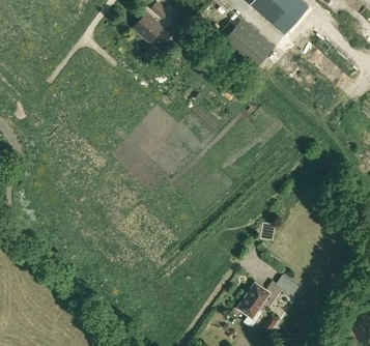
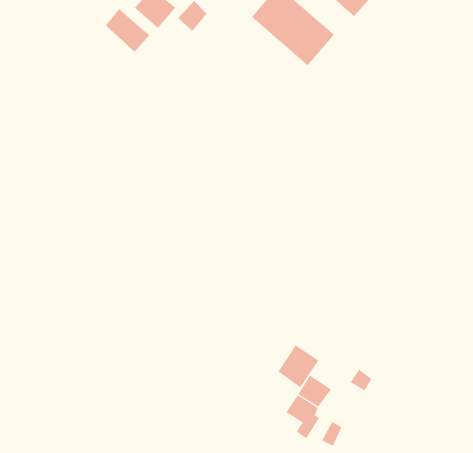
building: none -> [105,8,150,53]
building: none -> [278,344,319,388]

